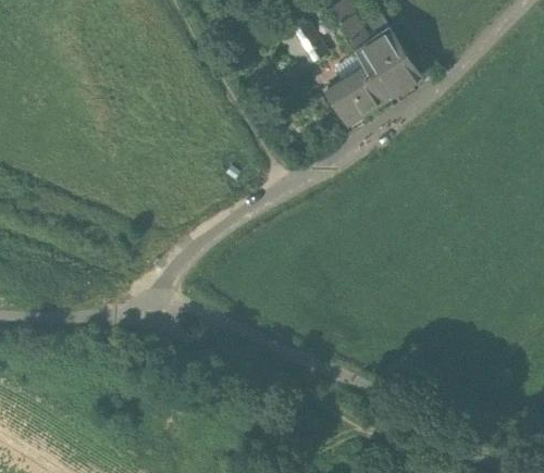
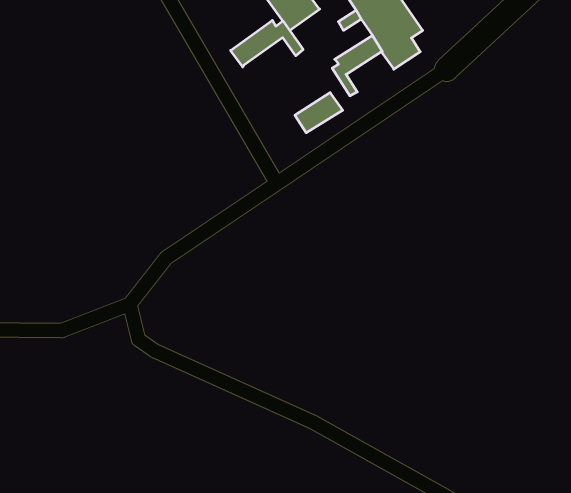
building: none -> [231,20,303,67]
building: [347,84,388,119] -> [295,93,343,133]

